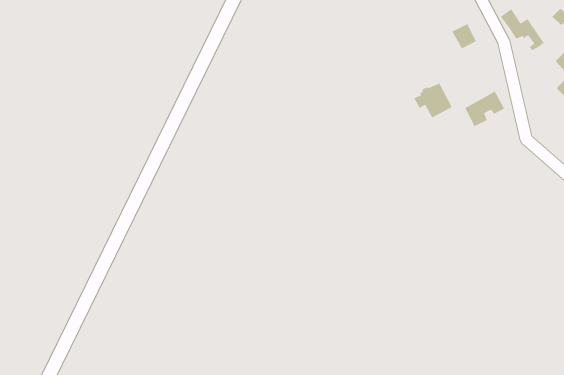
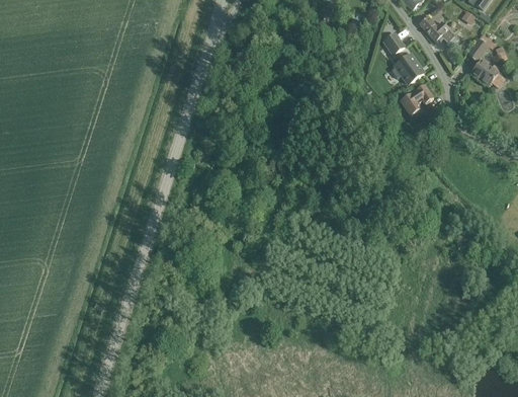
building: [413,83,453,119] -> [391,55,423,84]

